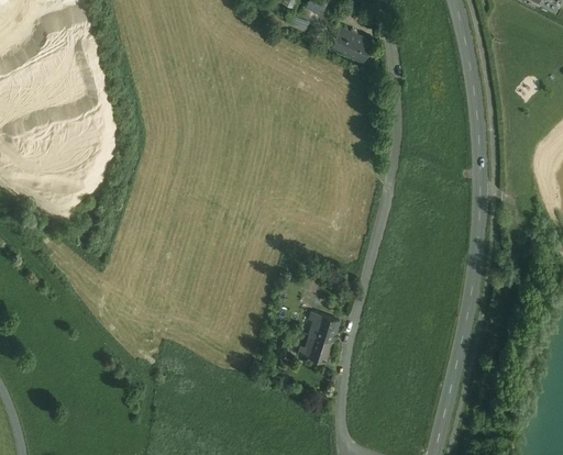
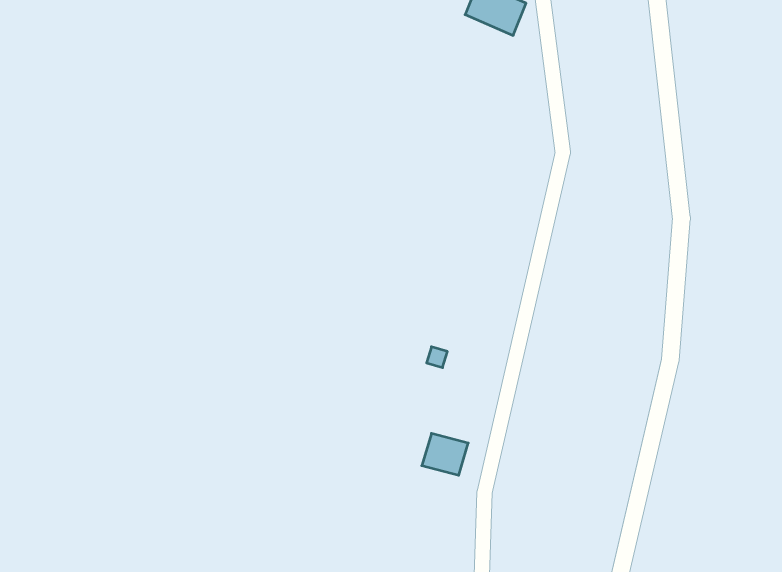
building: [307,313,339,343] -> none

